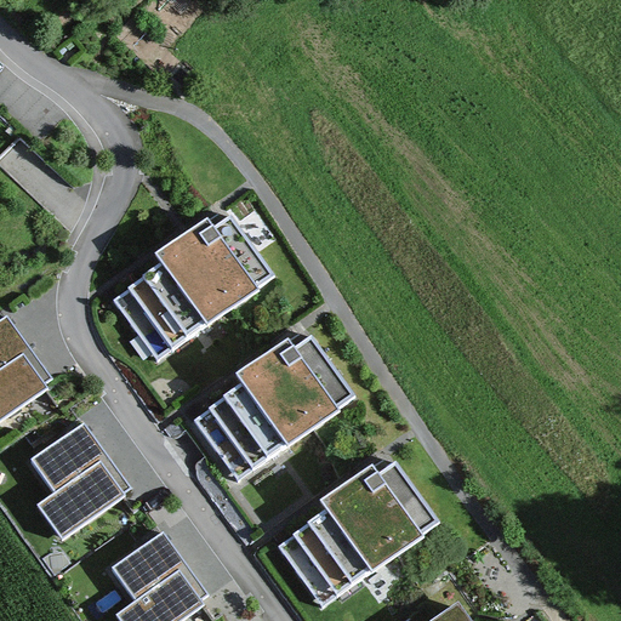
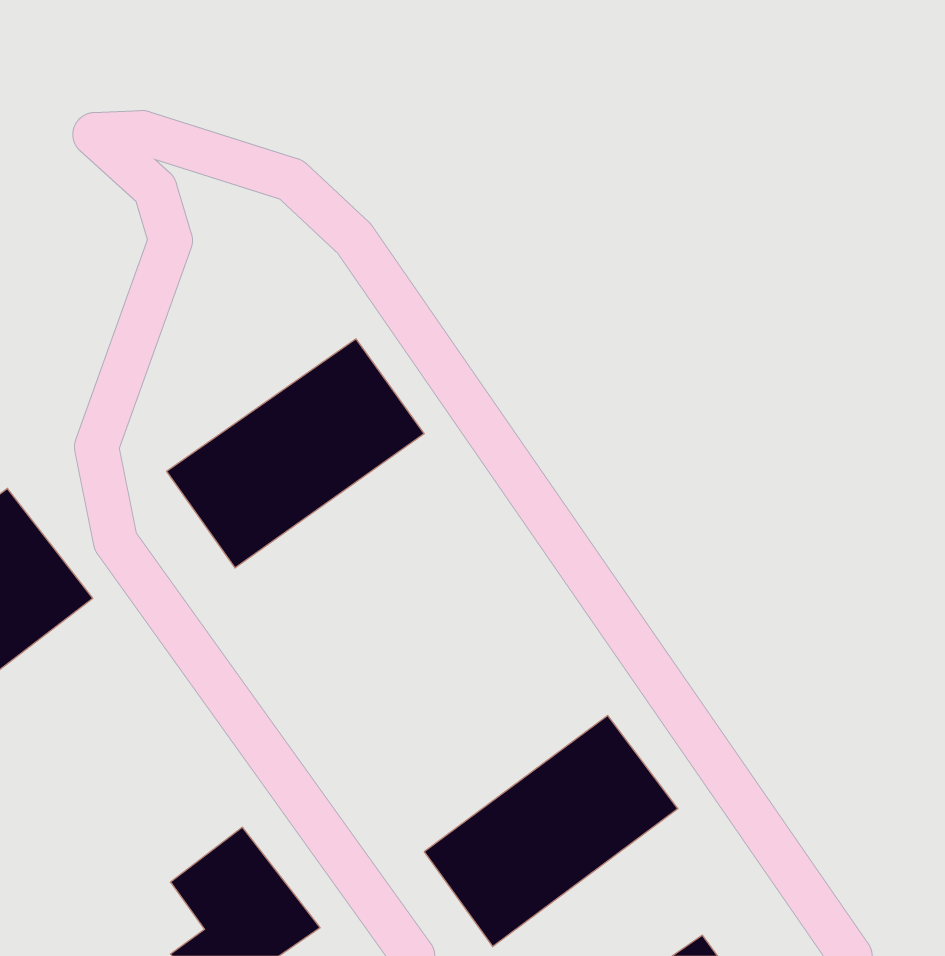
building: [188,334,351,479] -> none
building: [36,427,132,543] -> none

